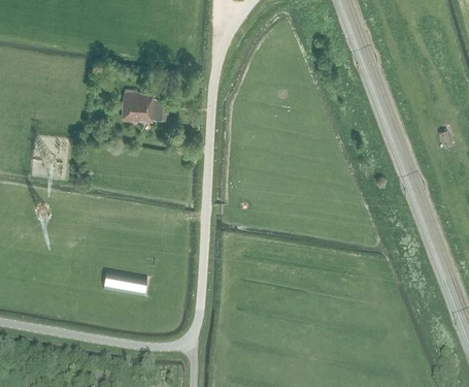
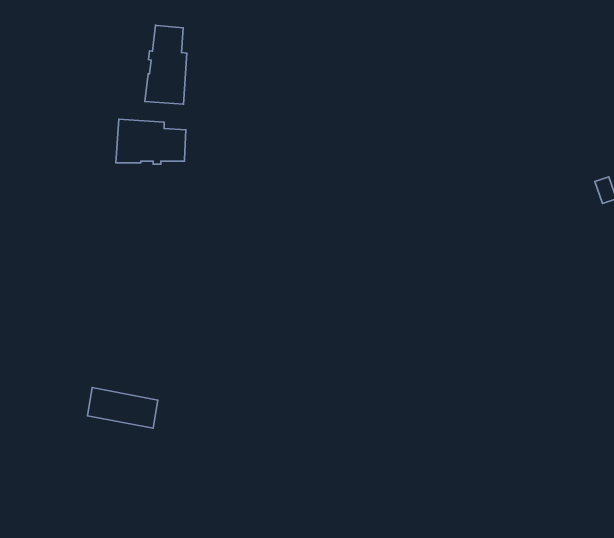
building: none -> [145,25,187,104]

